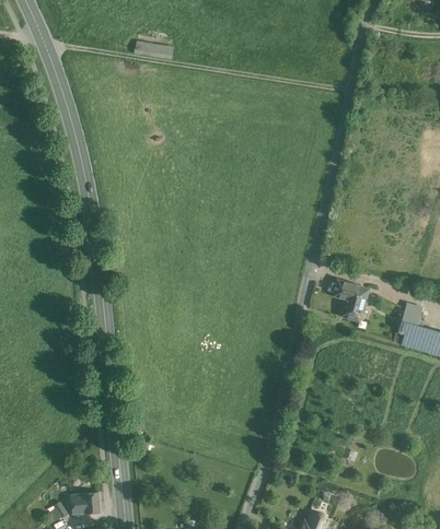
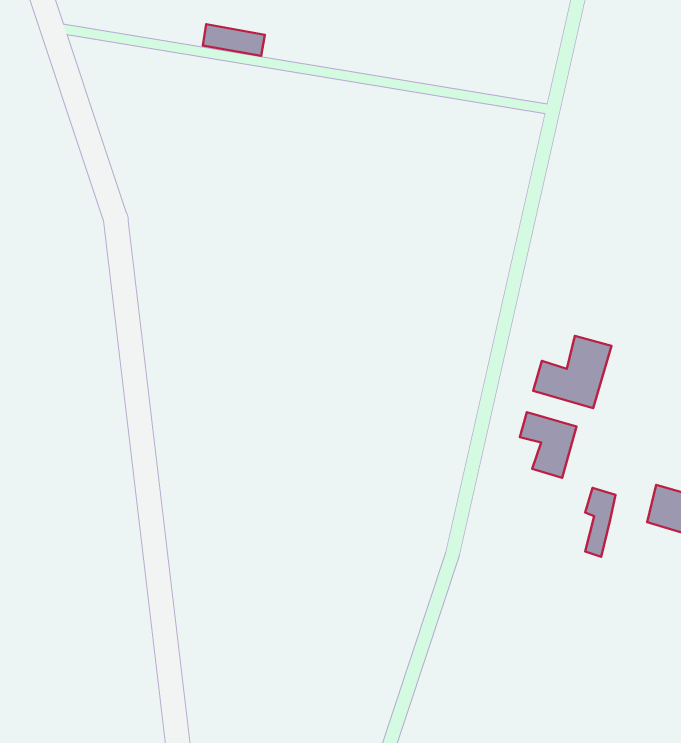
building: none -> [533,336,611,408]
building: [400,305,418,348] -> [585,488,615,557]

